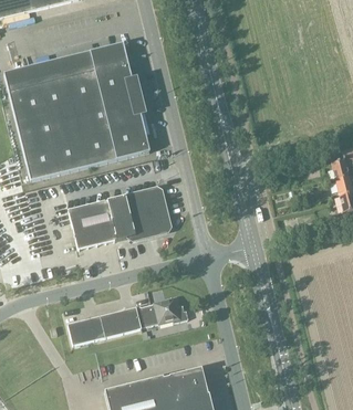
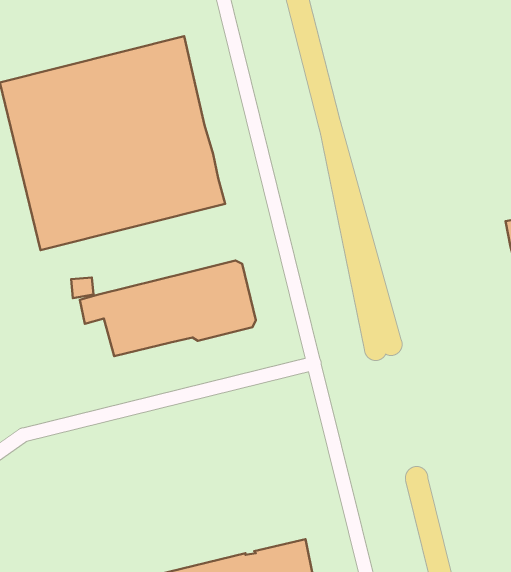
building: [68,296,189,345] -> none

